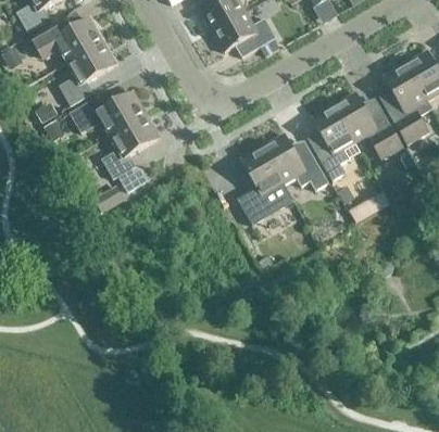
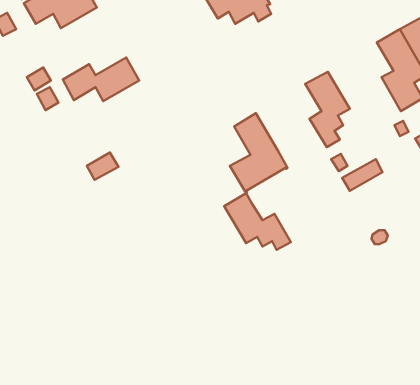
building: [59,40,116,105] -> none
building: [334,91,402,158] -> none
building: [101,113,160,192] -> none
building: [262,132,328,189] -> [224,193,291,250]

